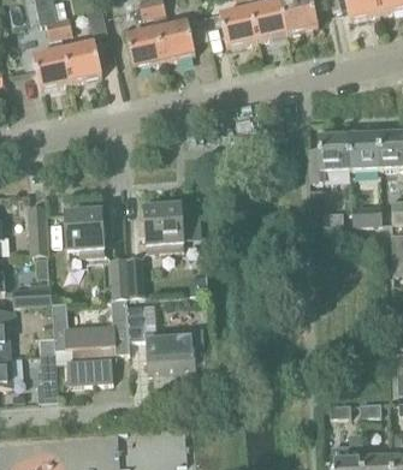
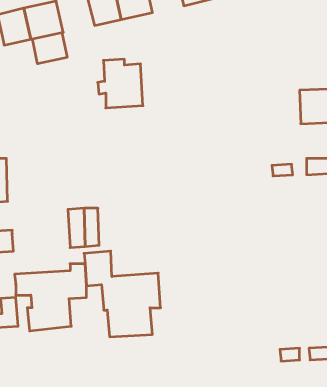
building: none -> [33,33,67,64]
building: [308,135,350,182] -> none
building: [137,198,184,249] -> [98,59,143,108]
building: [64,203,103,252] -> none

